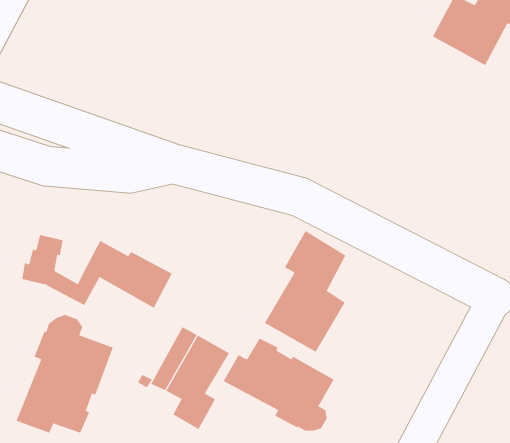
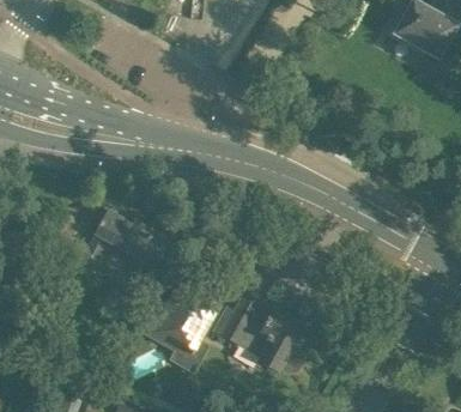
building: [264,230,346,353] -> none
building: [16,314,114,433] -> none

